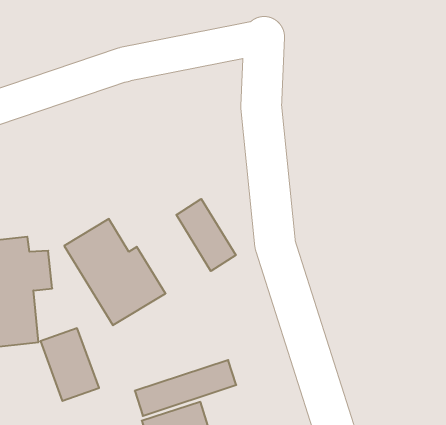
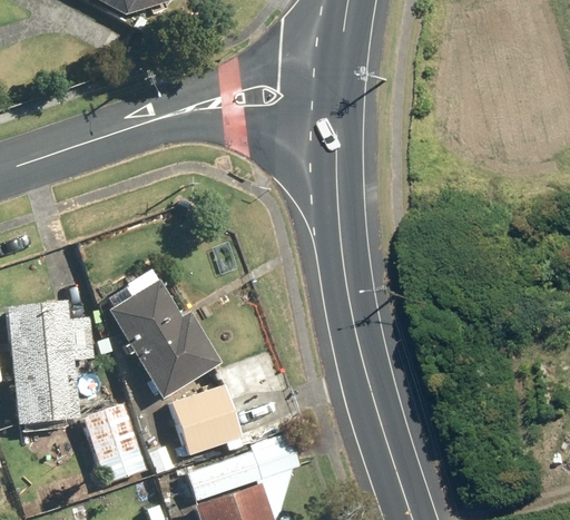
building: [176,199,236,271] -> none
building: none -> [171,384,243,454]

